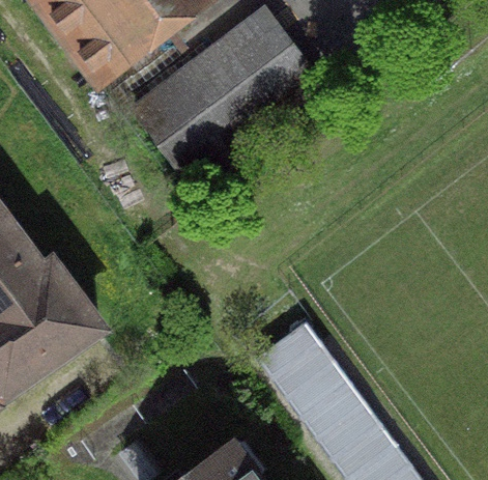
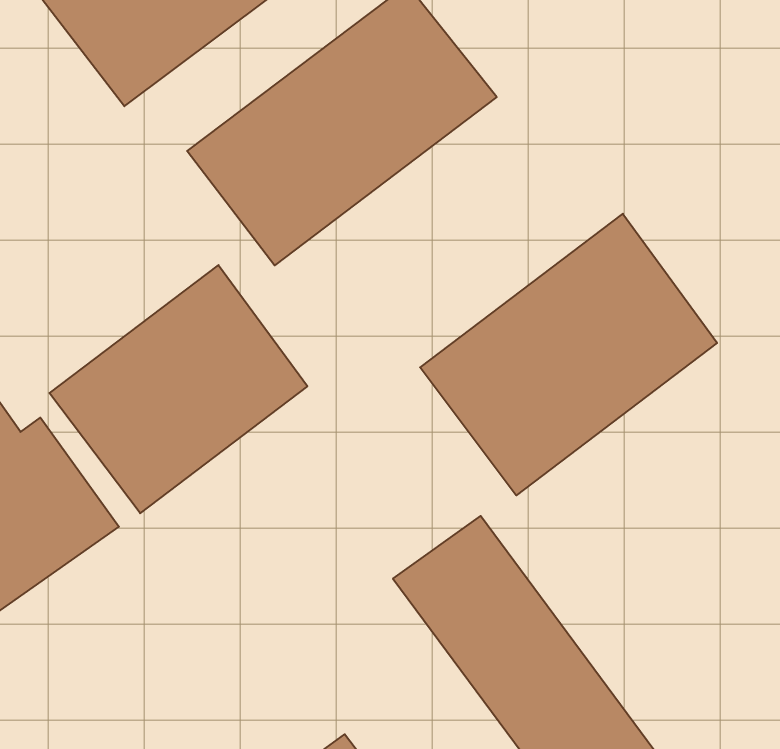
building: none -> [420,214,717,495]
building: none -> [50,265,307,513]

